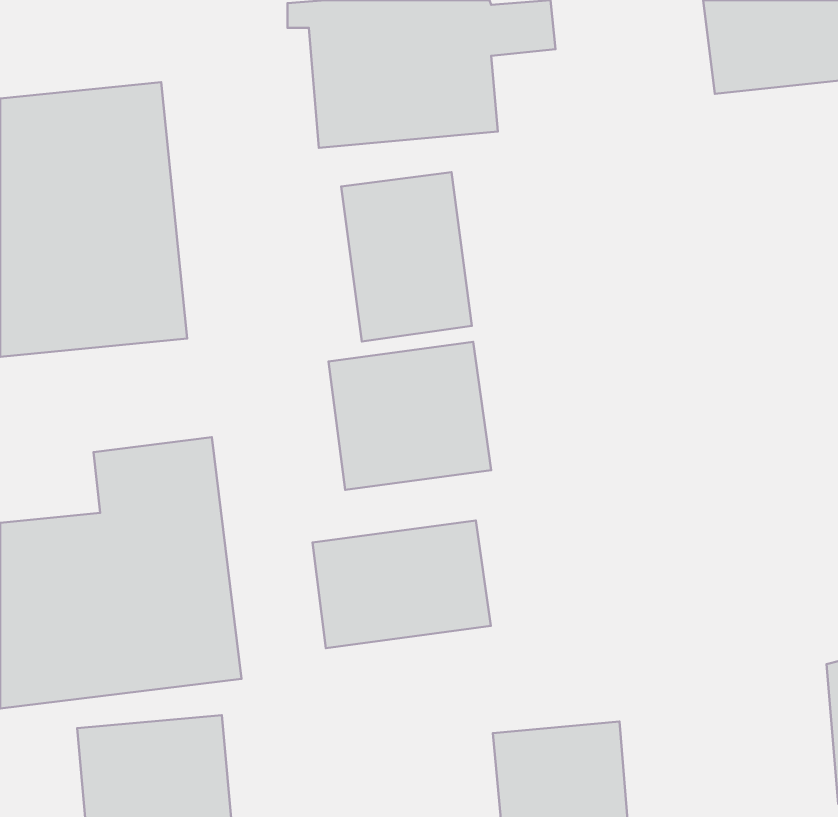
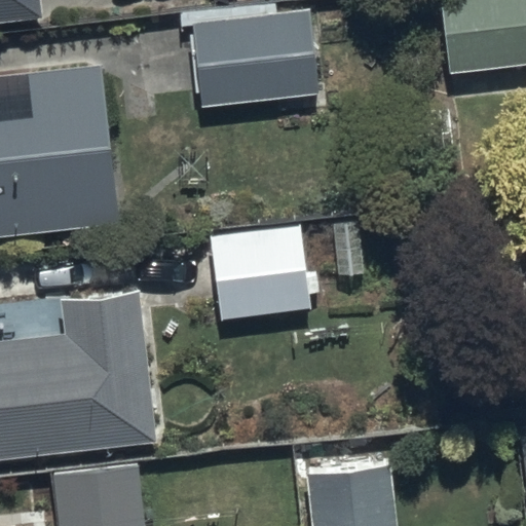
building: [341,172,472,342] -> none
building: [312,520,491,648] -> none

